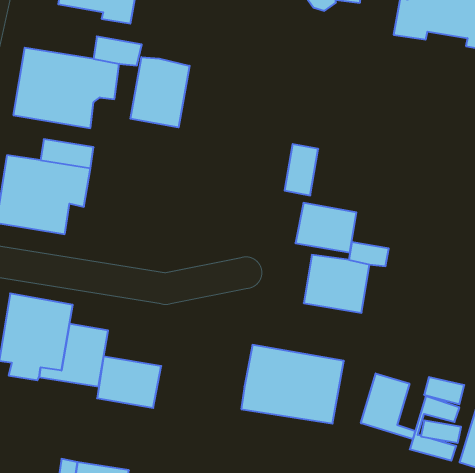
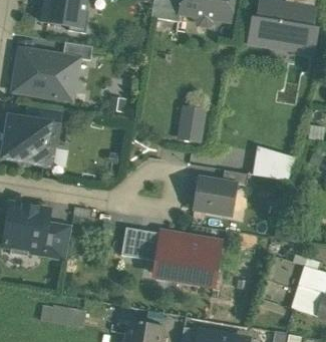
building: [130,57,190,127] -> none
building: [295,203,356,253] -> [254,148,292,180]
building: [97,357,161,408] -> [122,228,162,260]
building: [361,373,415,439] -> none

